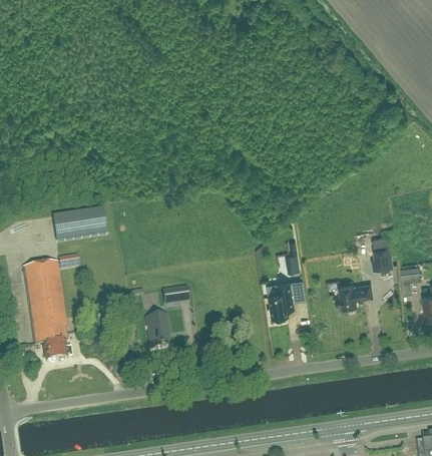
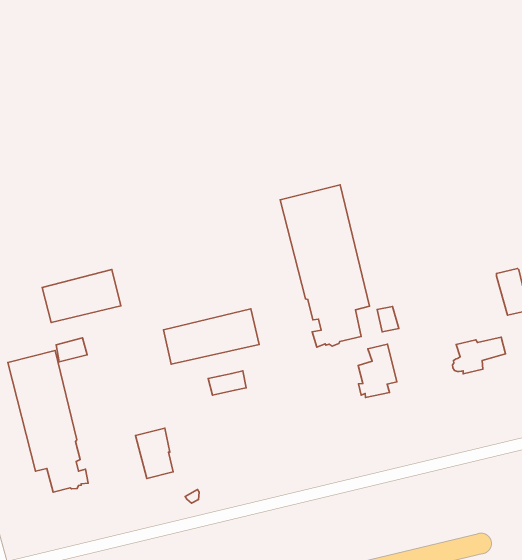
building: none -> [280,185,370,347]
building: none -> [163,309,259,364]
building: [145,314,169,348] -> [135,428,173,479]

